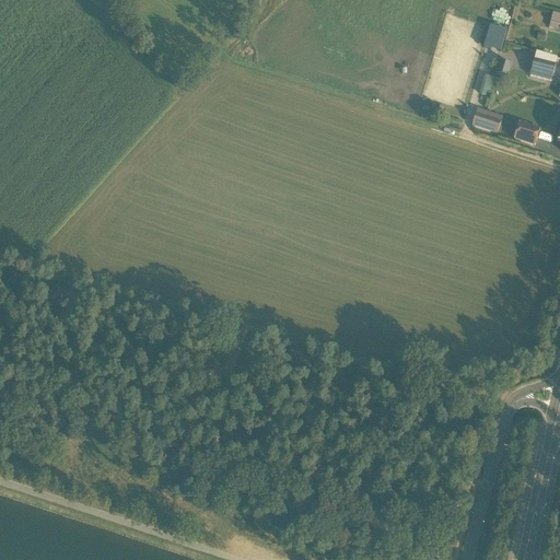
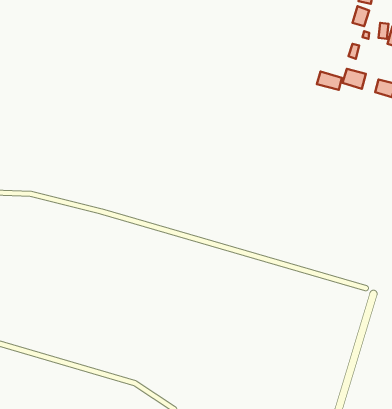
building: none -> [317,72,342,90]

